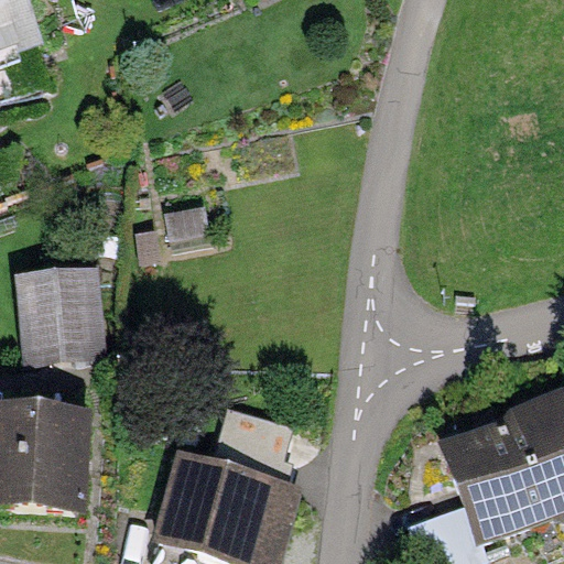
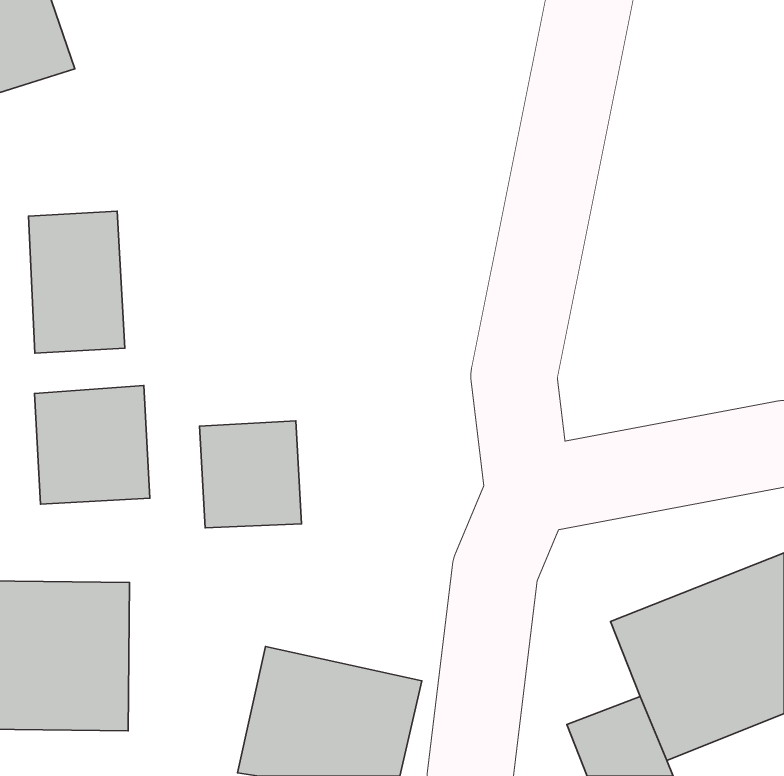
building: none -> [28,211,125,353]
building: none -> [199,421,302,528]

